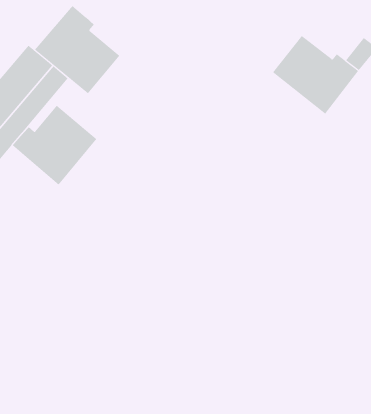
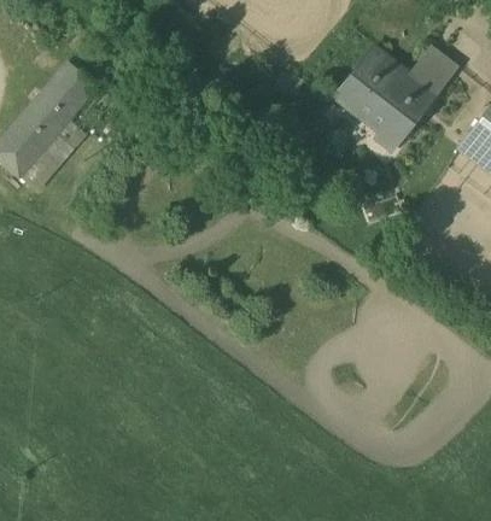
building: [34,5,120,94] -> none
building: [12,105,97,186] -> none

